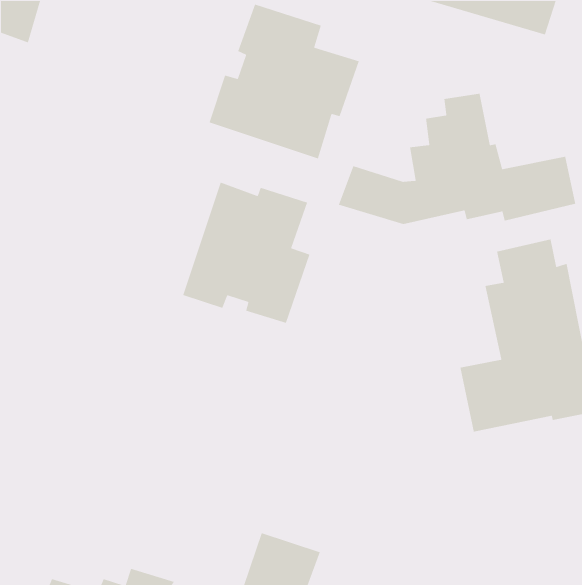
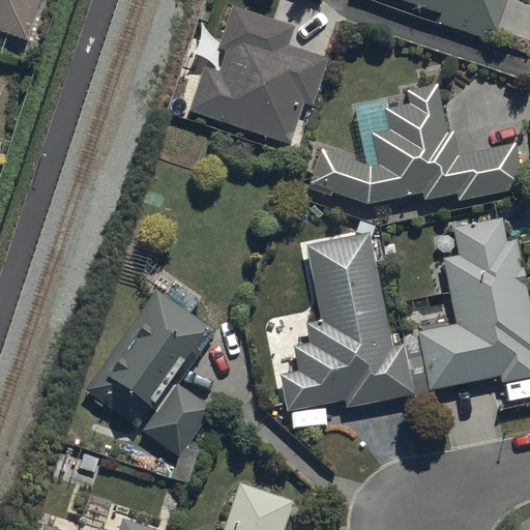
building: [182,181,310,324] -> none
building: none -> [281,232,414,411]
building: none -> [84,281,216,455]

